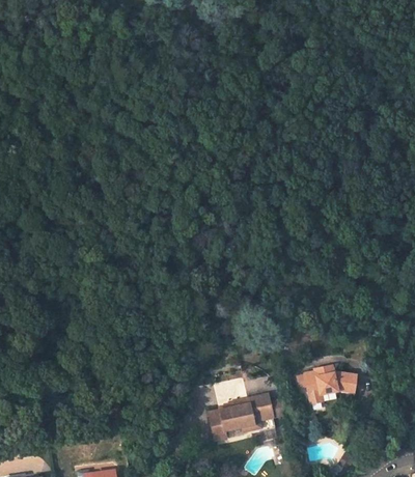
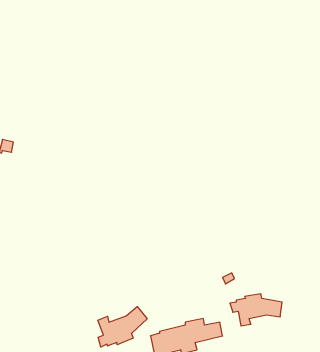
building: none -> [98,307,147,347]

